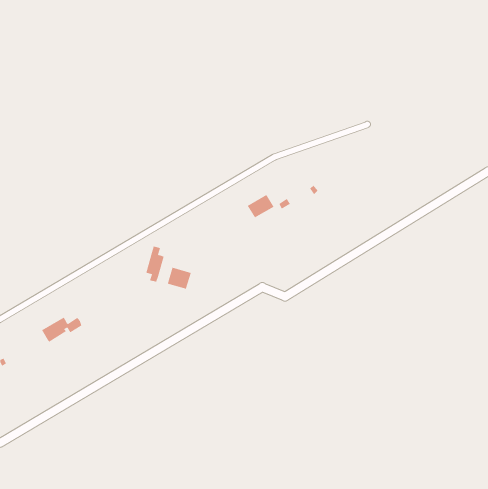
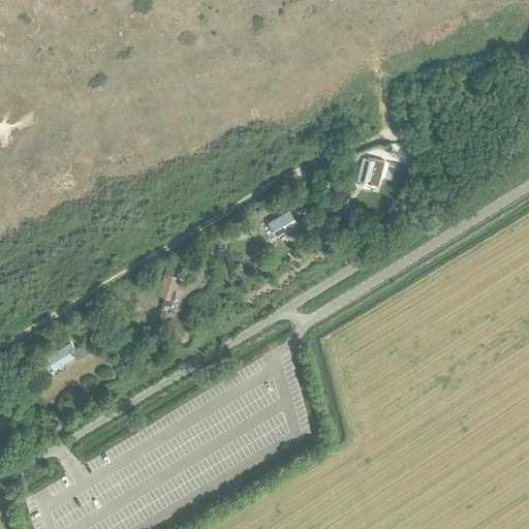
building: none -> [355,157,388,186]
building: [167,267,191,290] -> none

